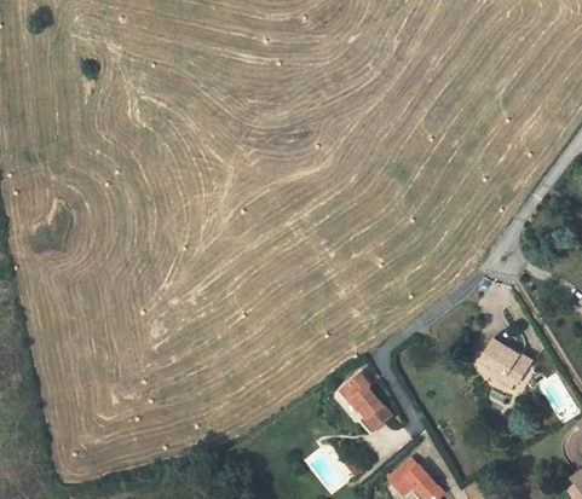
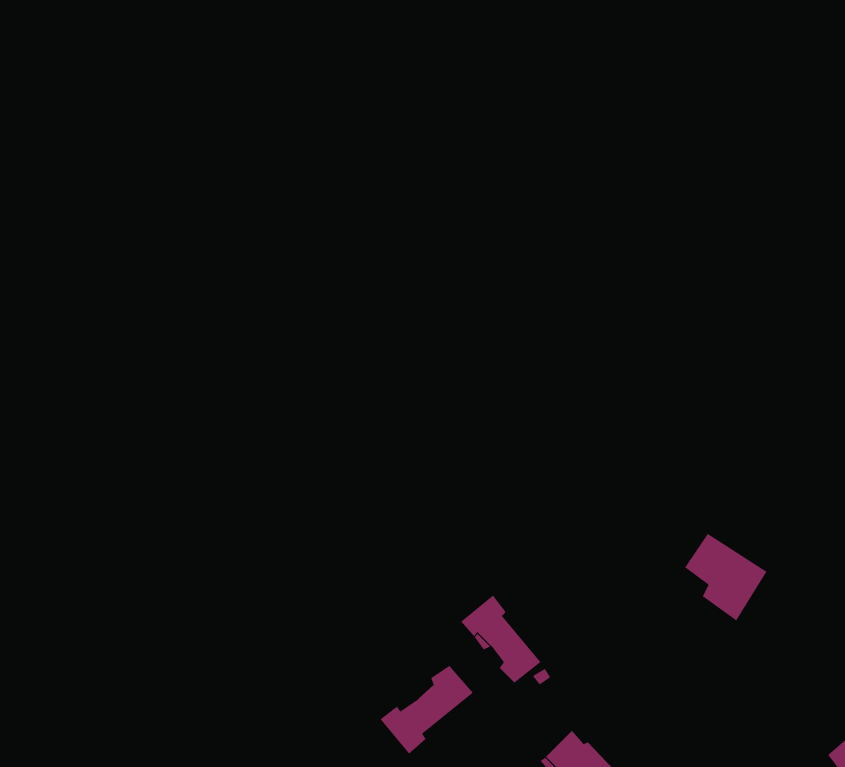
building: none -> [380,665,474,754]

